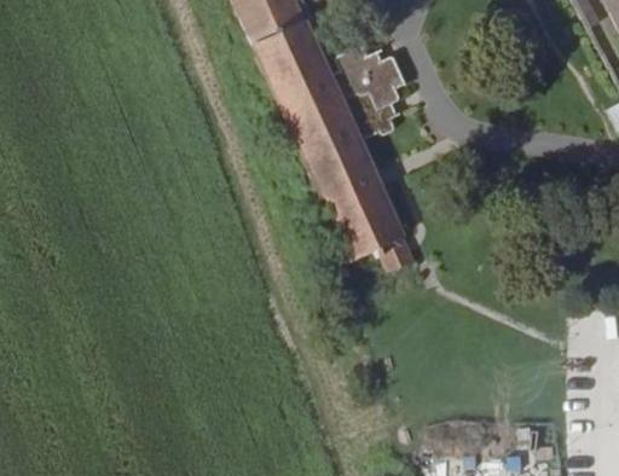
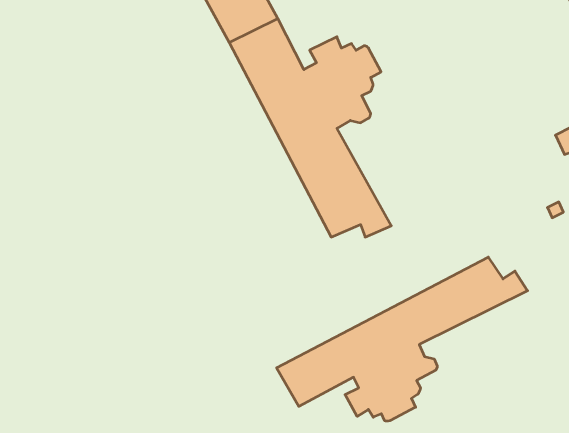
building: none -> [277,257,528,421]

